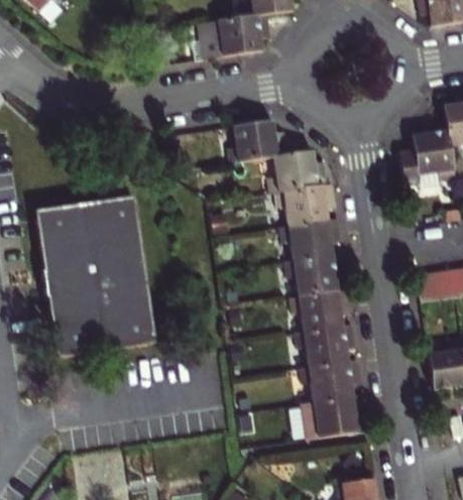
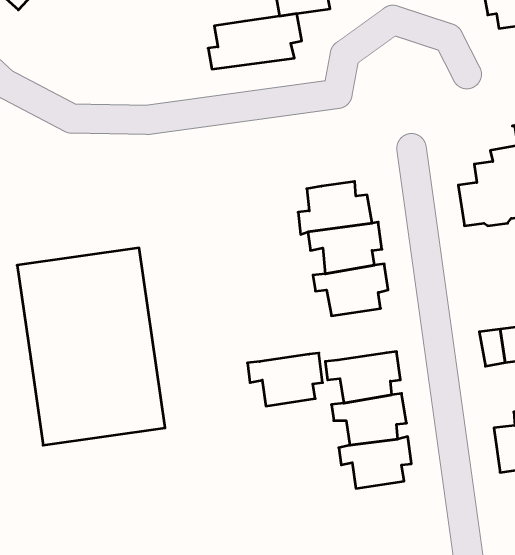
building: [227,119,286,161] -> none
building: [284,252,346,295] -> [247,353,323,406]
building: [302,393,365,436] -> none

